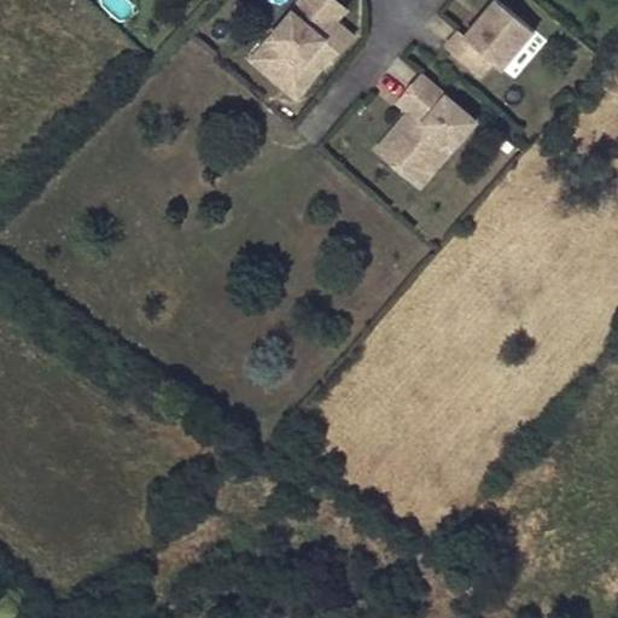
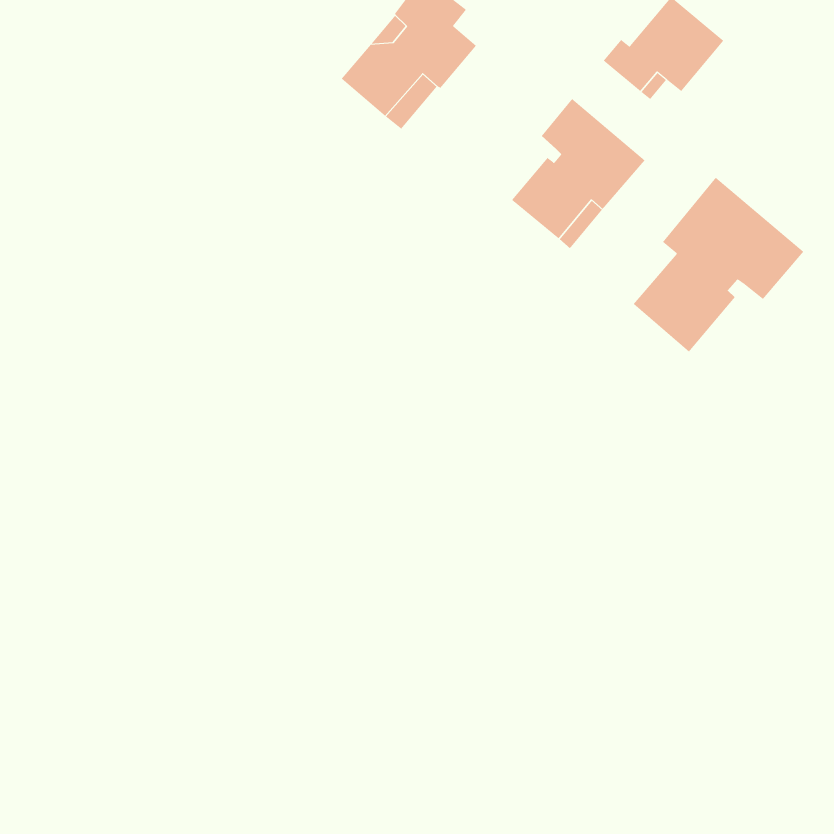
building: none -> [633,177,804,353]

